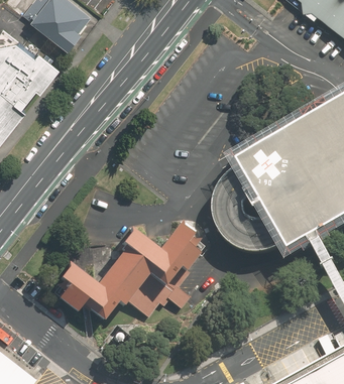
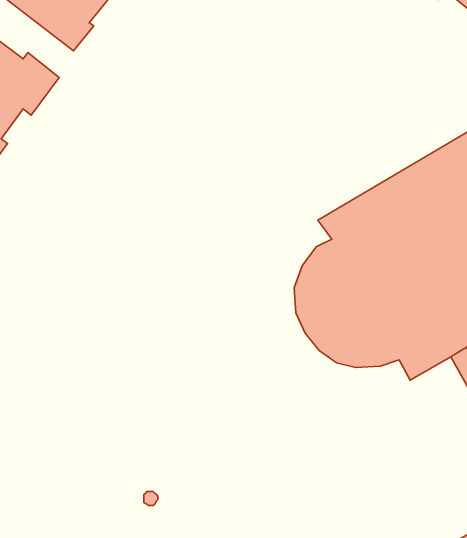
building: [56,223,202,322] -> none

